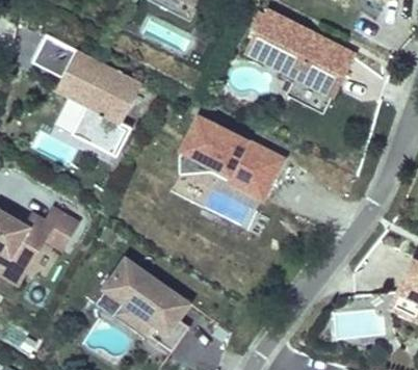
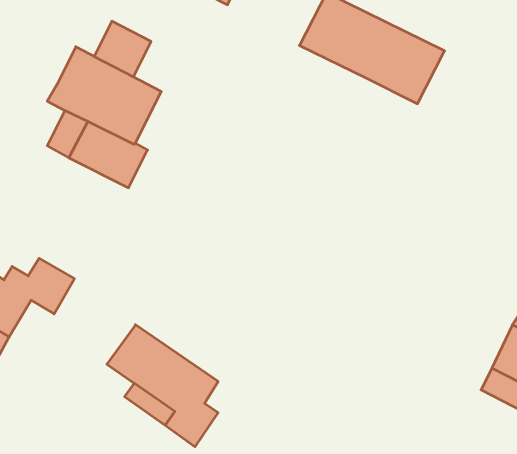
building: [32,33,76,76] -> [94,21,151,77]
building: [290,71,337,108] -> none
building: [178,110,287,201] -> none

